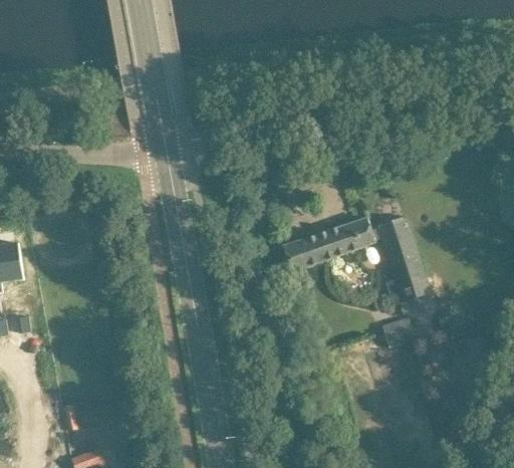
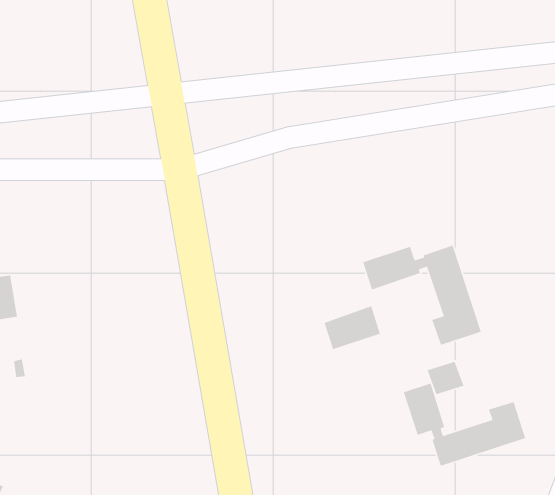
building: [282,230,332,269] -> [323,305,381,350]
building: none -> [403,382,526,467]

